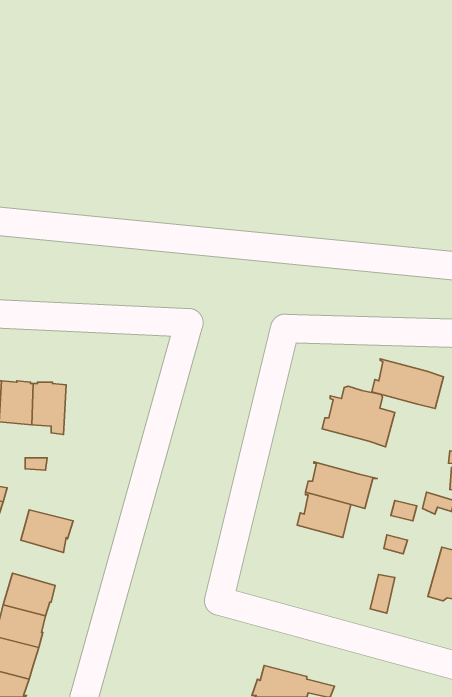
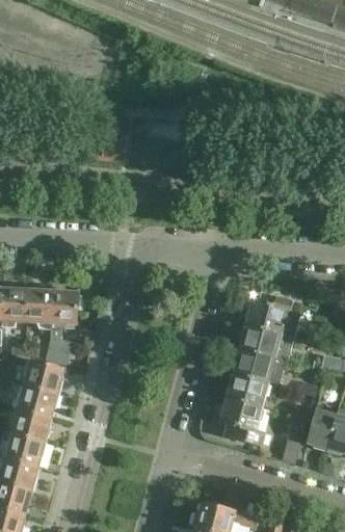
building: [372,359,443,408] -> [239,324,293,362]
building: none -> [45,291,80,364]
building: none -> [24,361,62,394]
building: none -> [219,397,263,446]
building: none -> [306,407,336,451]
building: none -> [11,408,50,443]

